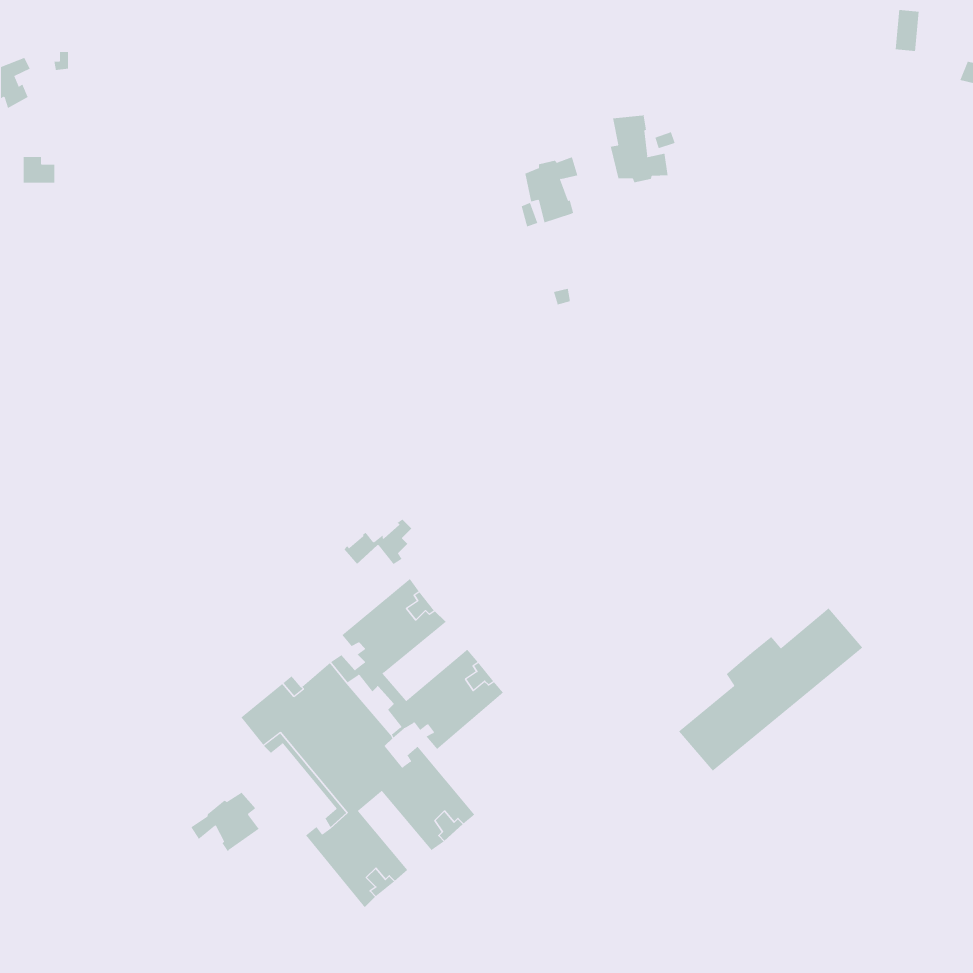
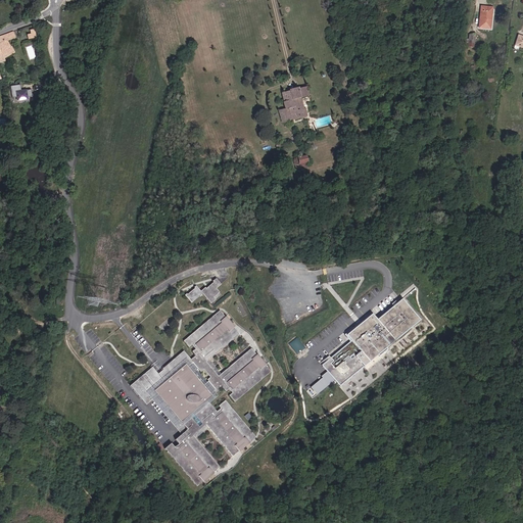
building: [610,114,668,183] -> none
building: [678,607,863,772] -> [323,297,422,385]
building: [191,792,259,852] -> none

